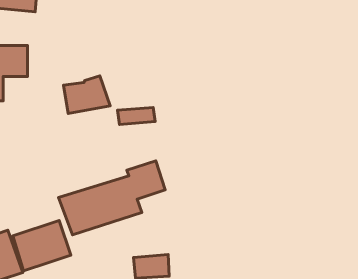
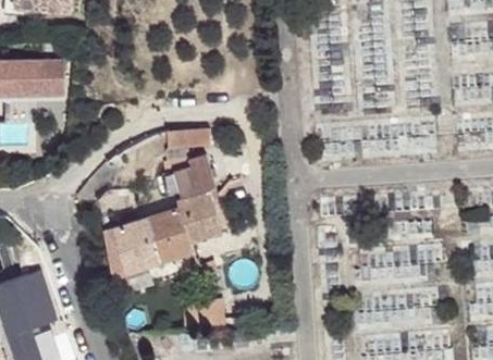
building: [63,76,110,113] -> [163,152,218,196]
building: [13,221,71,271] -> none

